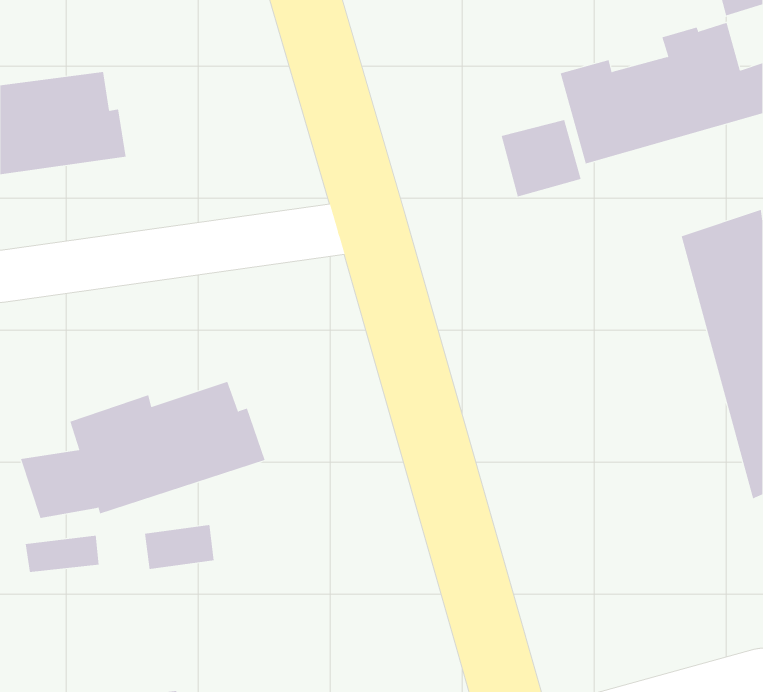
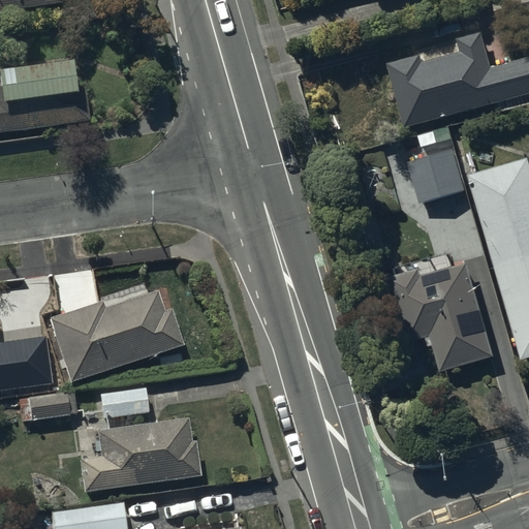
building: [501,120,581,197] -> [409,159,465,213]
building: none -> [391,259,494,367]
building: none -> [80,415,200,489]

